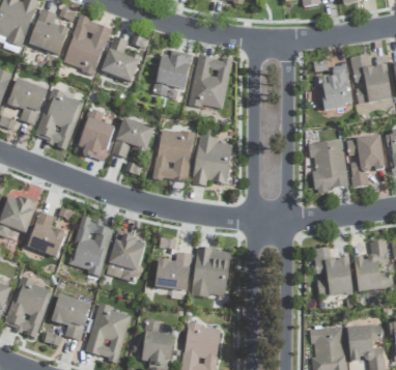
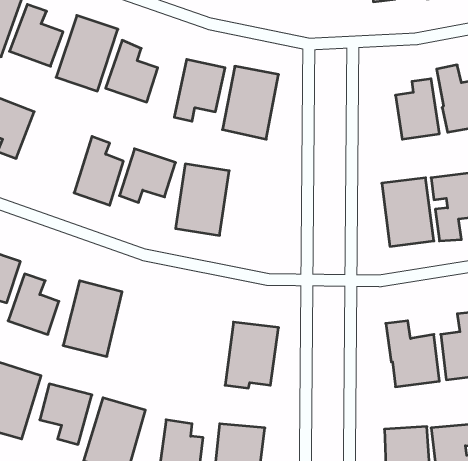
building: [35,89,83,147] -> none
building: [192,135,232,186] -> none
building: [105,231,146,282] -> none
building: [154,252,191,290] -> none

